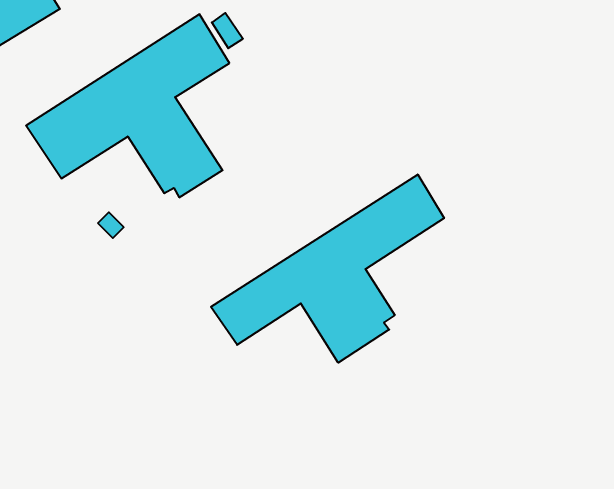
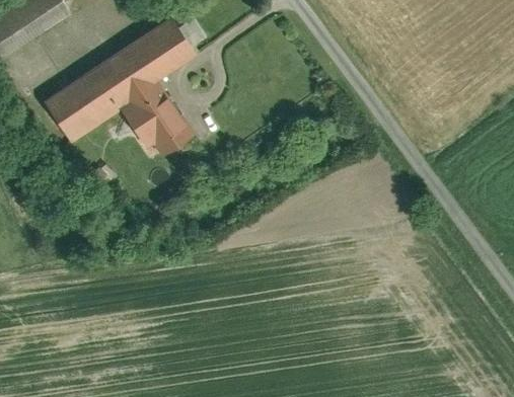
building: [211,174,444,363] -> none

